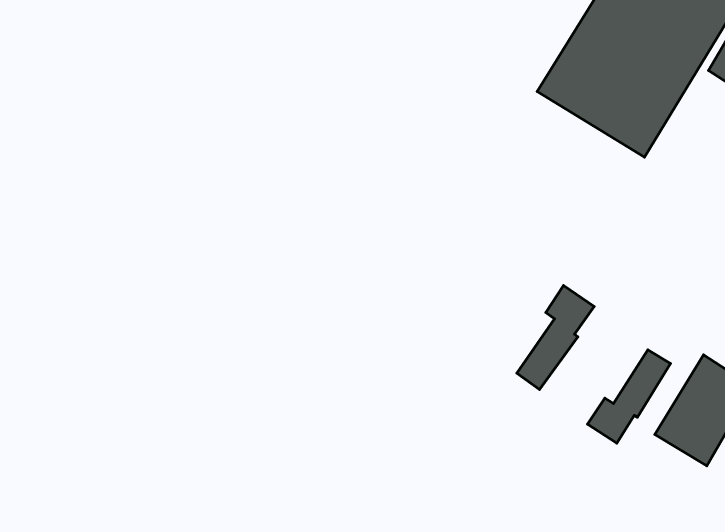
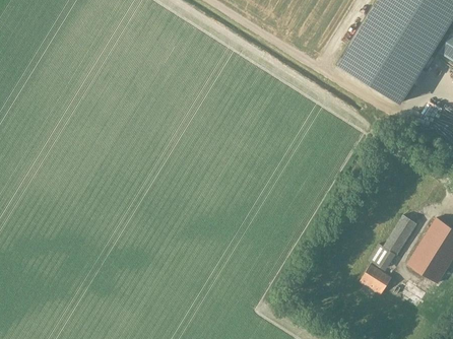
building: [517,286,594,389] -> none
building: none -> [359,265,391,295]

